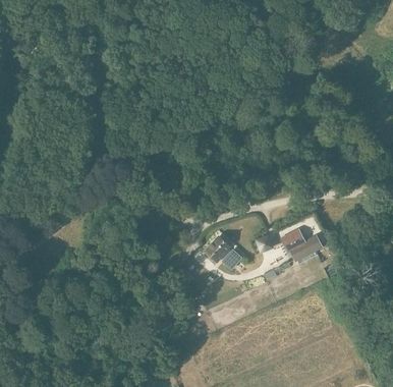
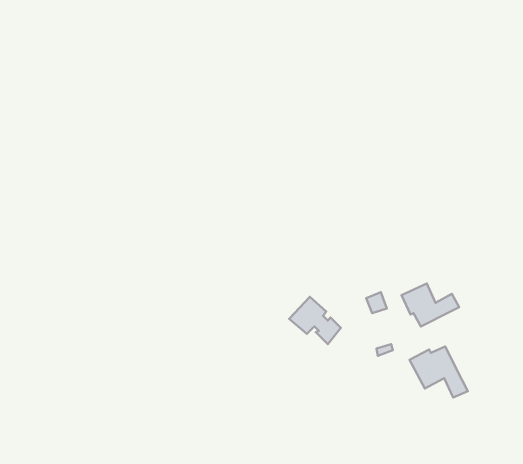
building: none -> [410,346,468,398]

